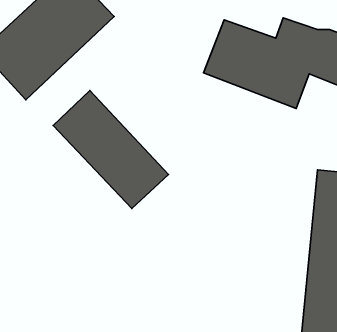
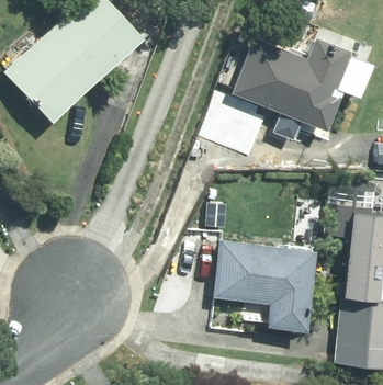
building: [53,91,169,209] -> none
building: none -> [210,236,312,330]

